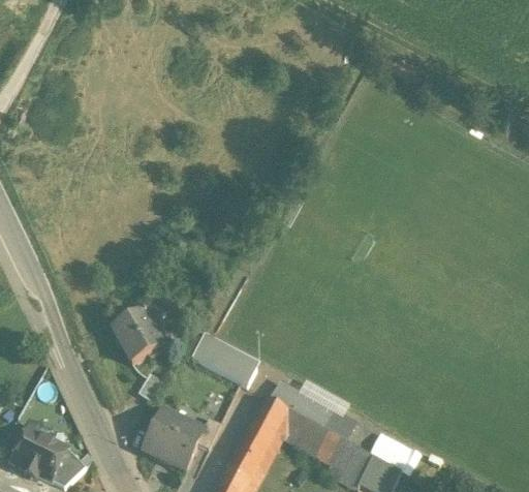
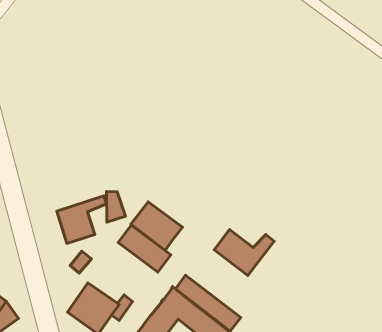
building: none -> [107,191,126,222]
building: none -> [131,202,182,250]
building: none -> [214,229,274,275]

